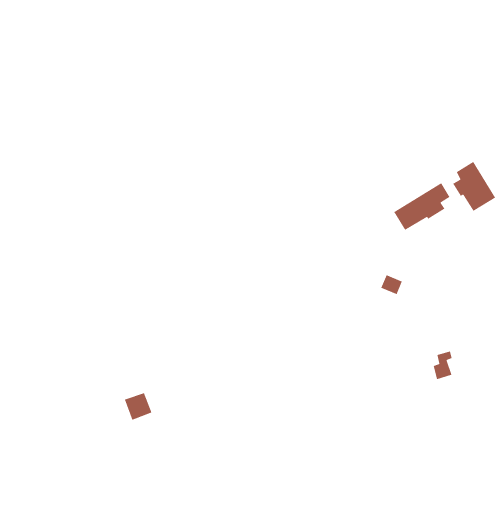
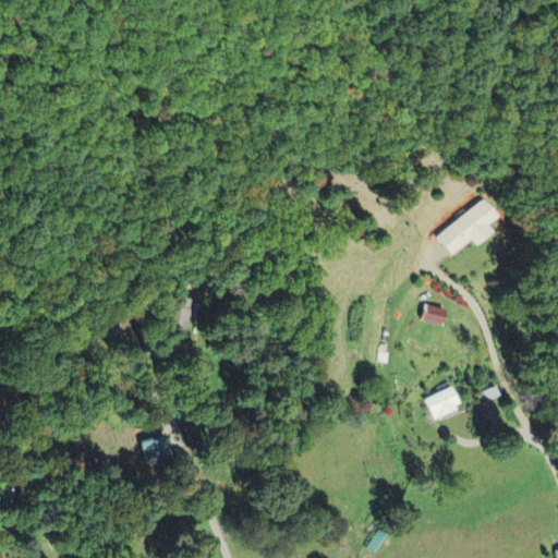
building: [452,161,496,212] -> none
building: none -> [425,386,459,418]

